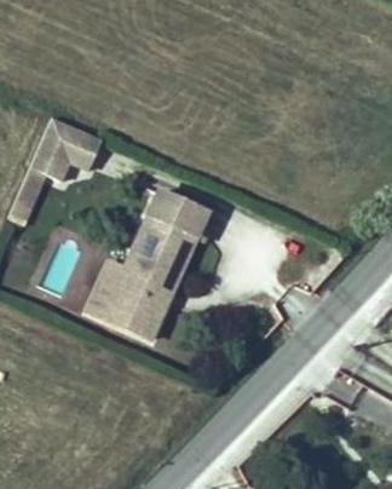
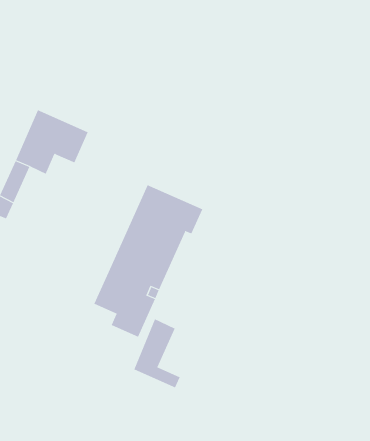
building: [82,259,128,327] -> [133,318,181,388]

